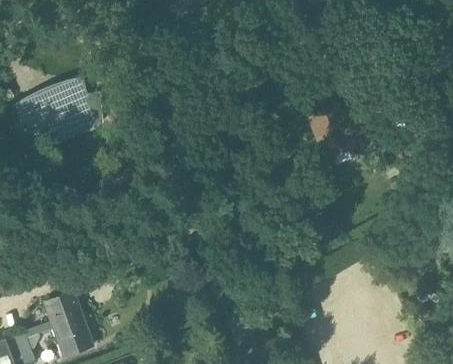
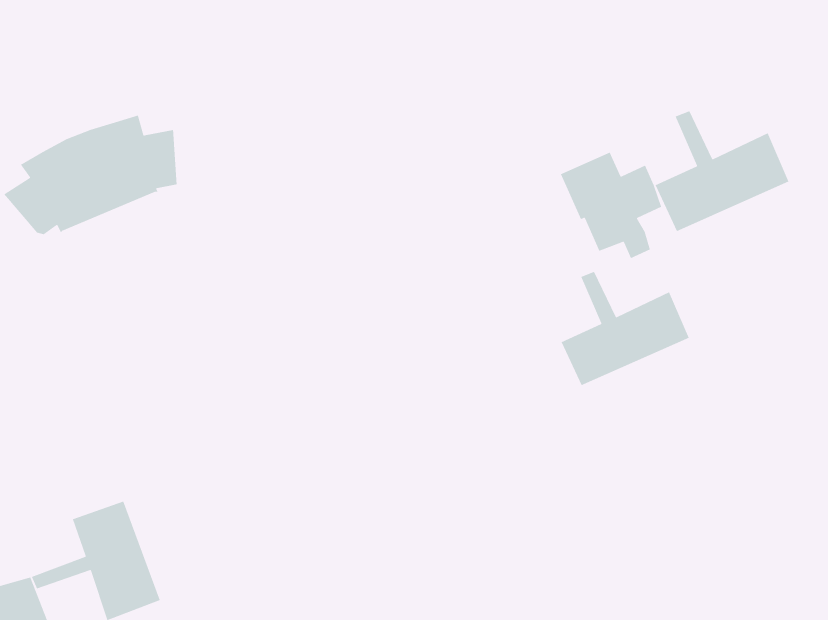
building: none -> [655,110,790,232]
building: none -> [561,271,690,386]

